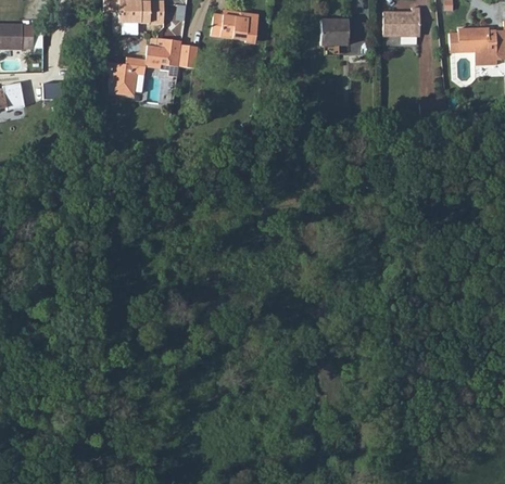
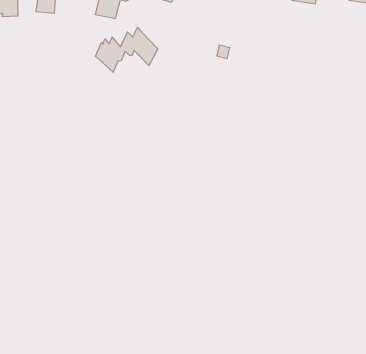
building: none -> [95,27,158,72]

